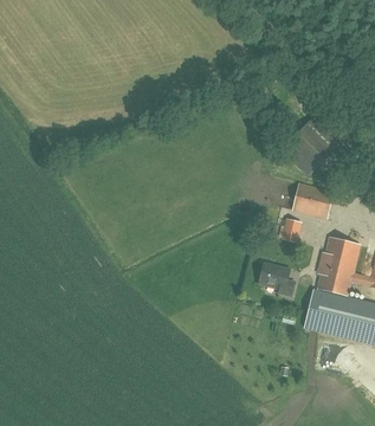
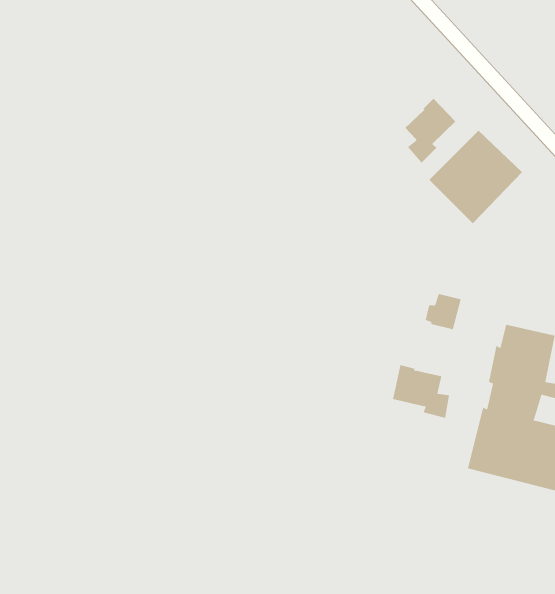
building: none -> [404,98,456,164]
building: [292,183,332,218] -> none

